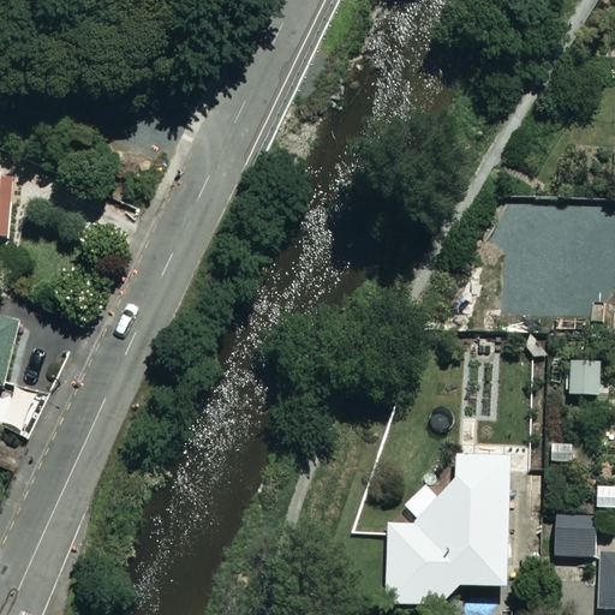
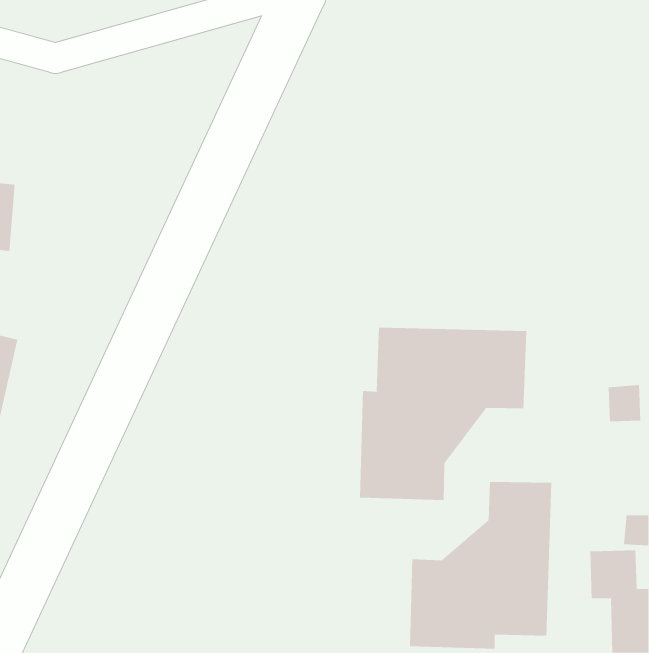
building: none -> [359,327,527,501]

